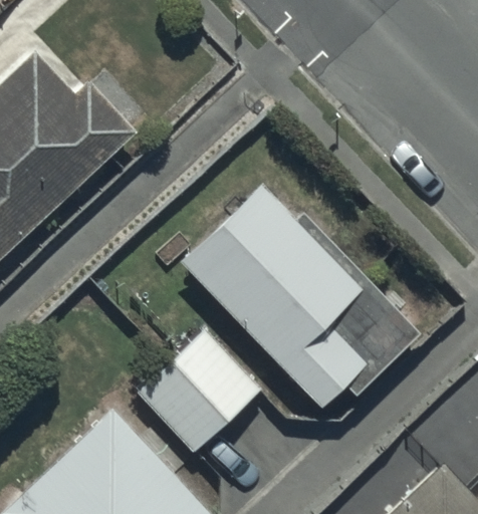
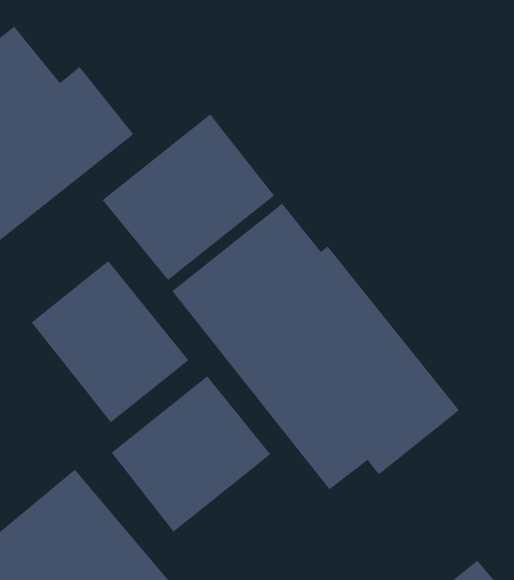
building: none -> [102,113,275,281]
building: none -> [31,260,189,423]

